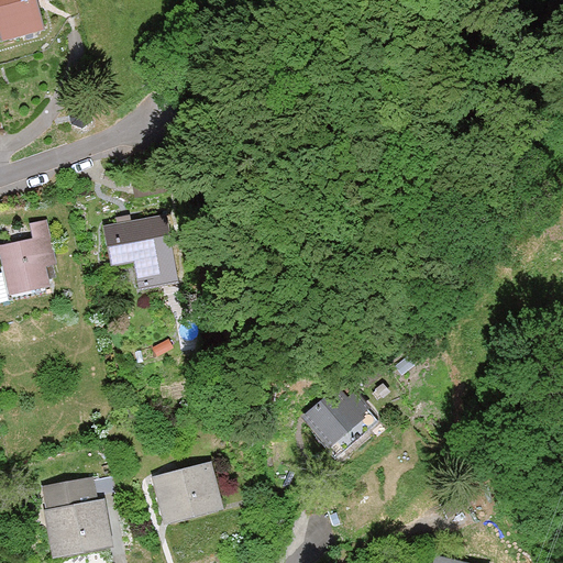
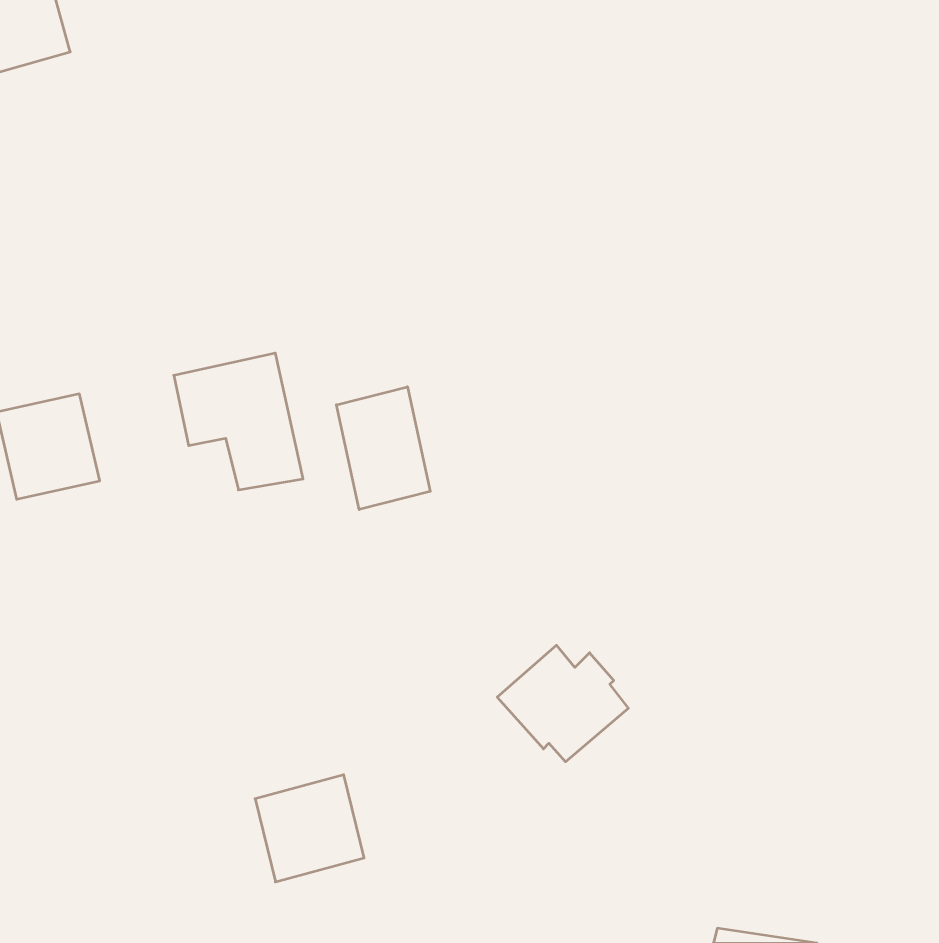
building: none -> [336,387,430,510]
building: [37,475,111,556] -> none

